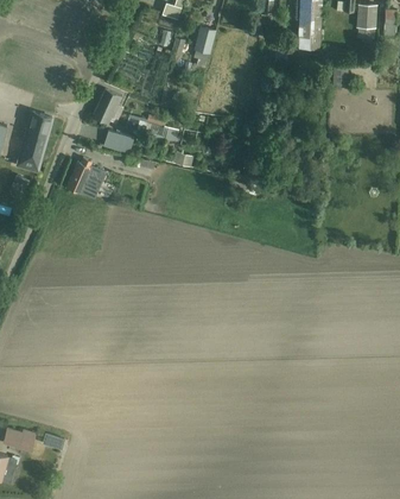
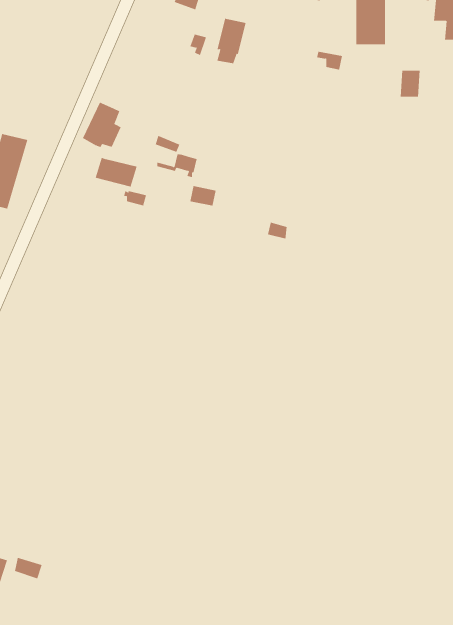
building: [66,157,107,198] -> none

